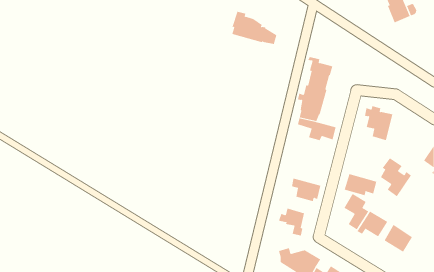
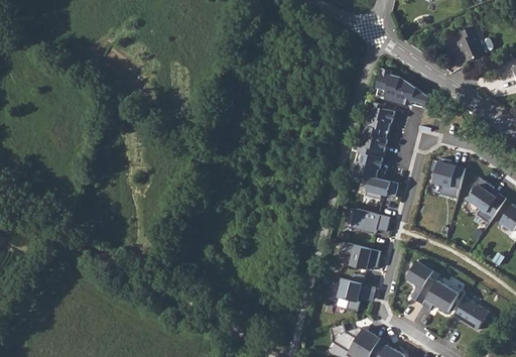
building: [232,11,277,45] -> [376,68,429,107]
building: [380,158,412,197] -> [469,176,506,223]
building: [344,174,377,196] -> [351,208,390,234]

